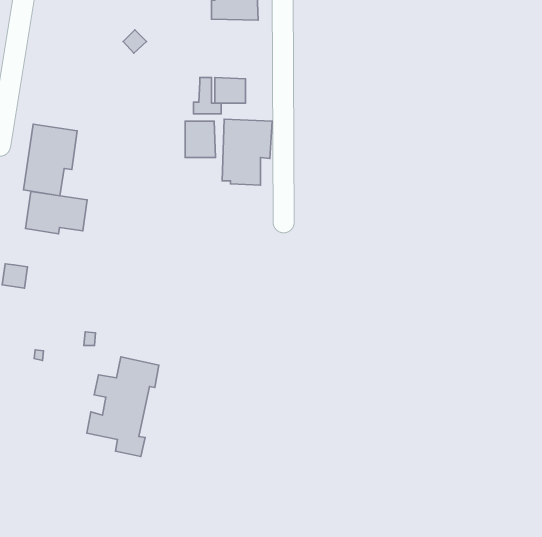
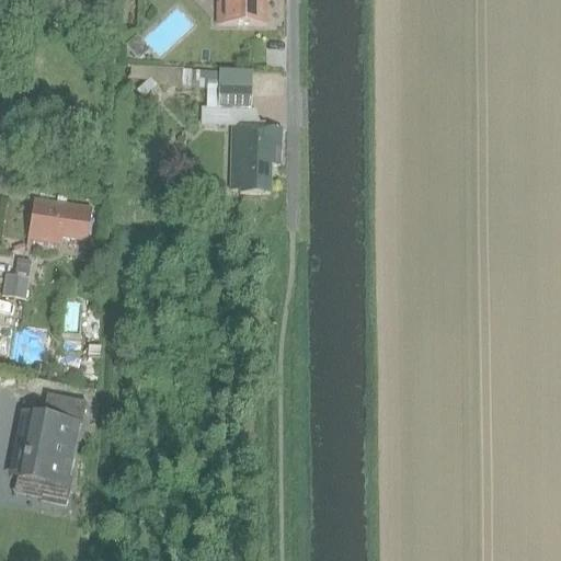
building: [185,121,216,157] -> none
building: [23,124,77,196] -> none
building: [87,357,159,457] -> [11,391,85,494]

